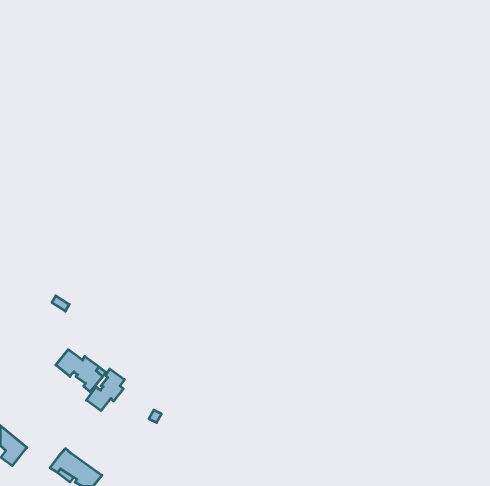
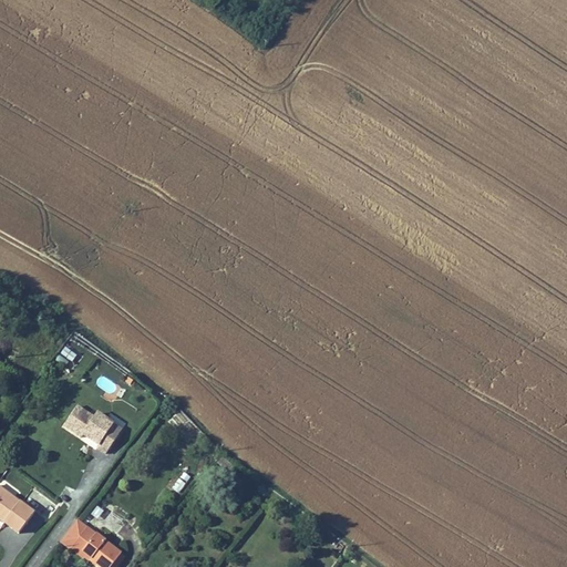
building: [86,369,124,411] -> none

